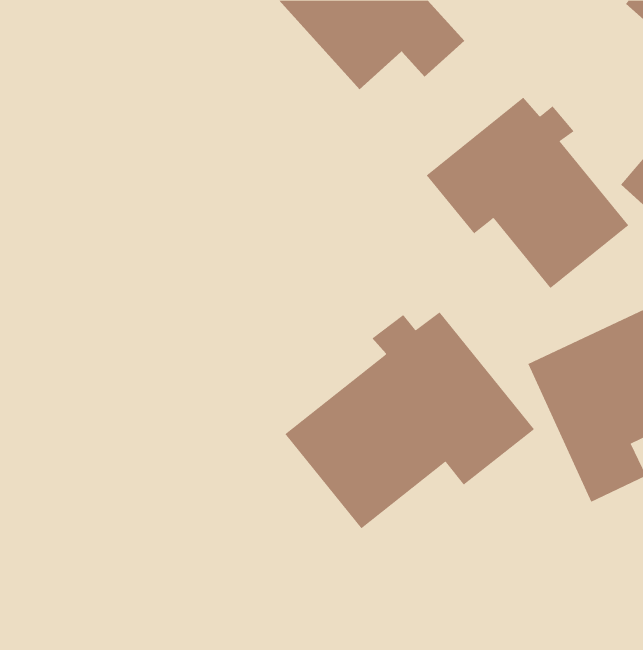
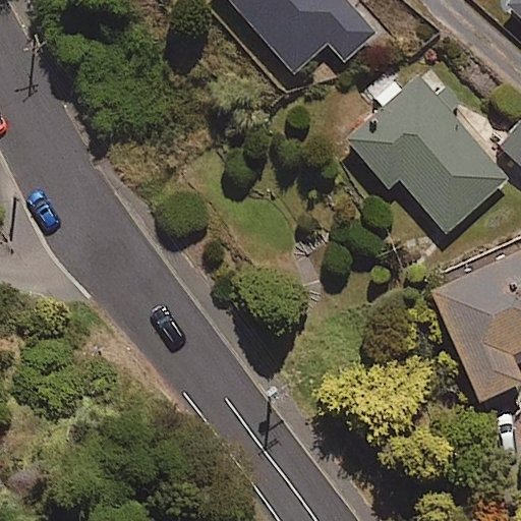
building: [285,311,535,529] -> none

